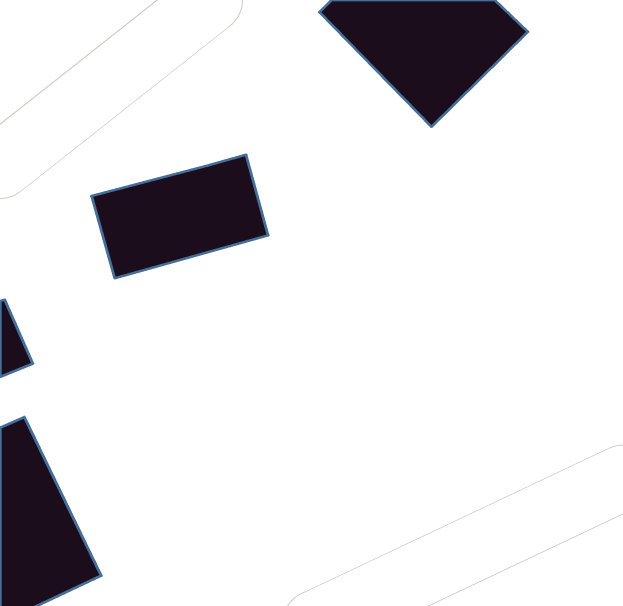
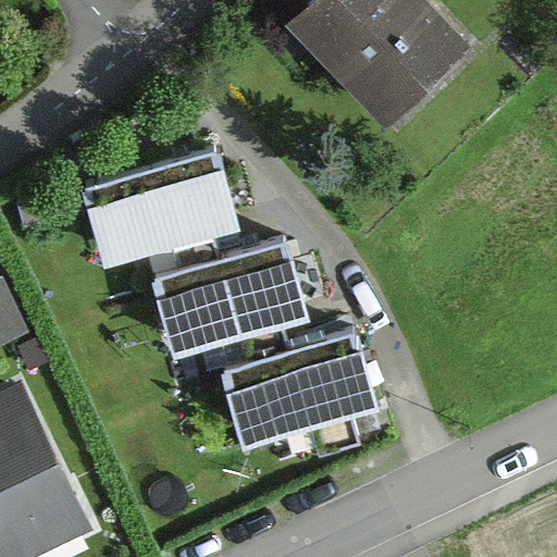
building: none -> [153,244,309,357]
building: none -> [224,337,375,447]

